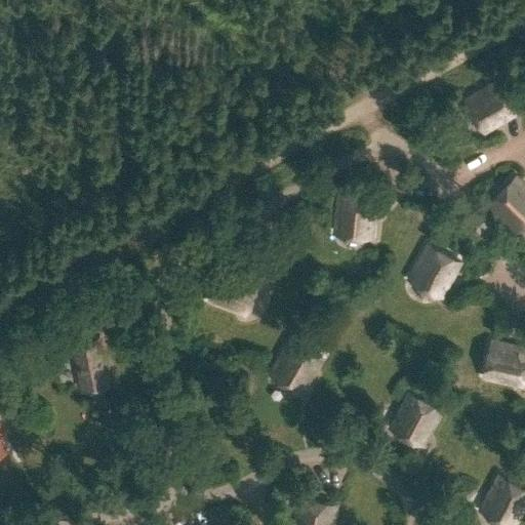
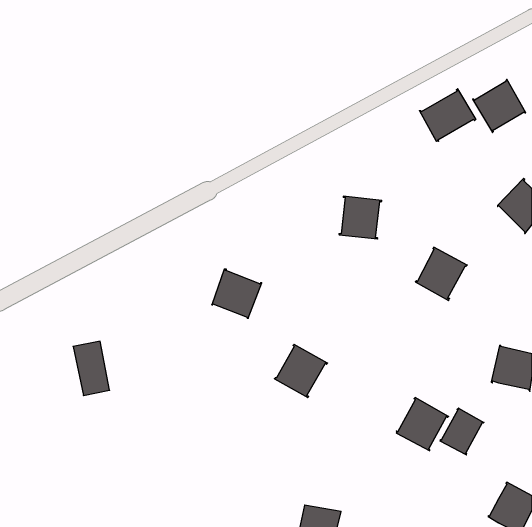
building: none -> [419,89,476,141]
building: none -> [440,408,484,455]

